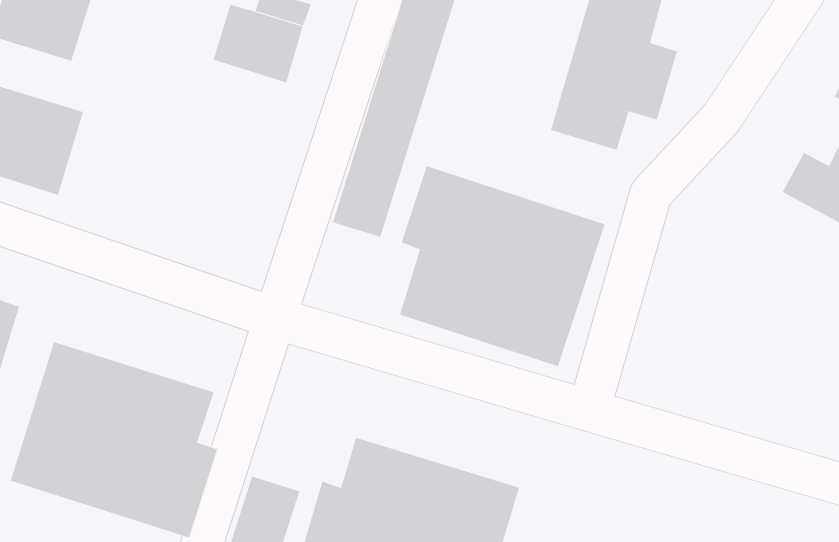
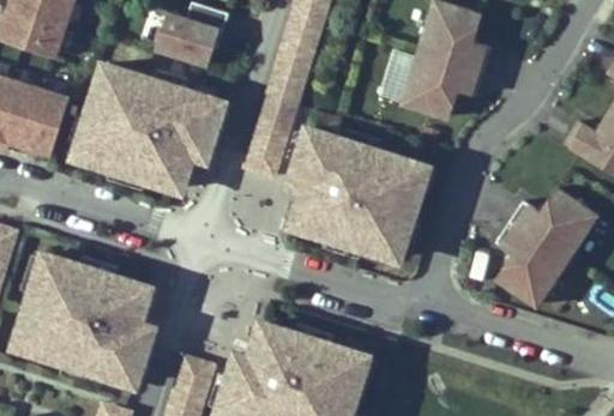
building: none -> [68,64,230,200]
building: none -> [488,181,595,303]

